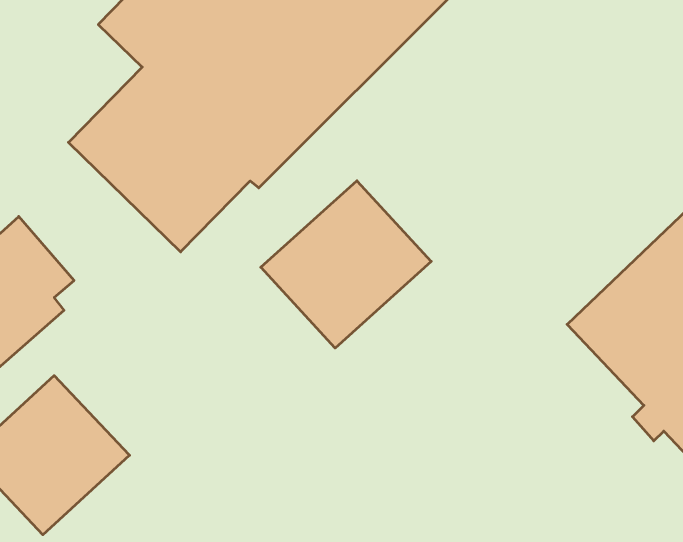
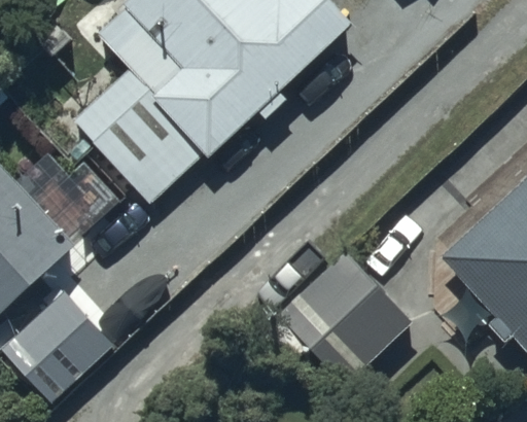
building: [261,181,431,348] -> none
building: none -> [280,250,412,383]

